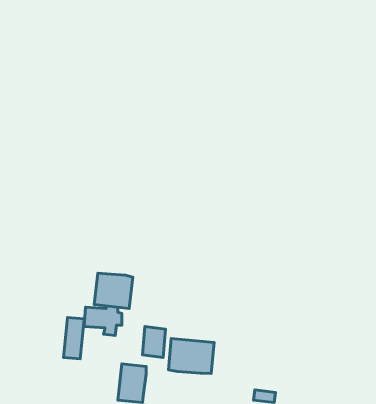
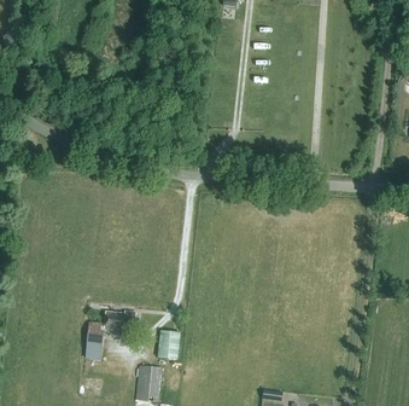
building: [94,273,133,308] -> none
building: [168,339,214,374] -> none

